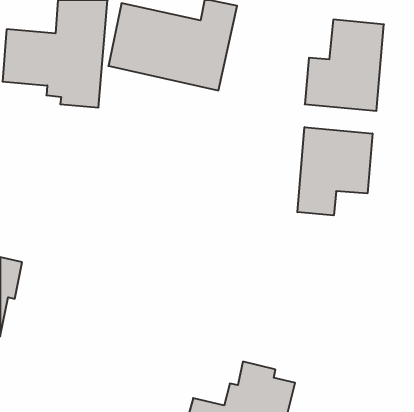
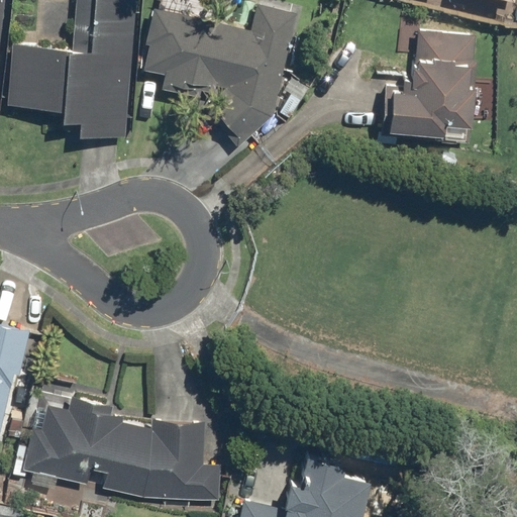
building: [297,127,372,215] -> none
building: none -> [22,396,222,502]

